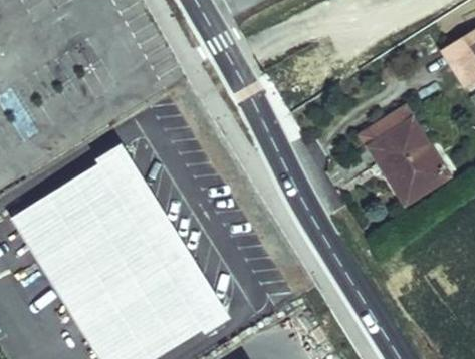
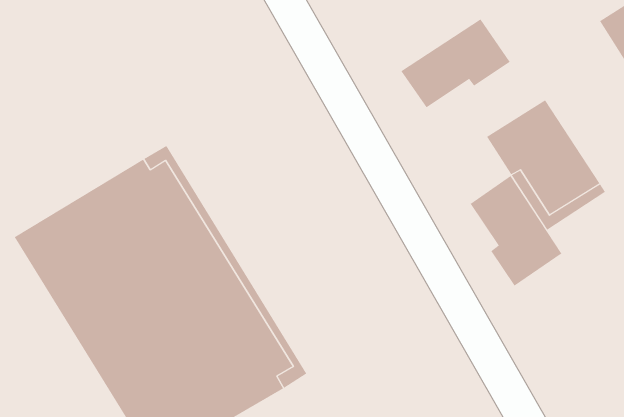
building: none -> [400,18,511,108]
building: none -> [470,175,562,287]

